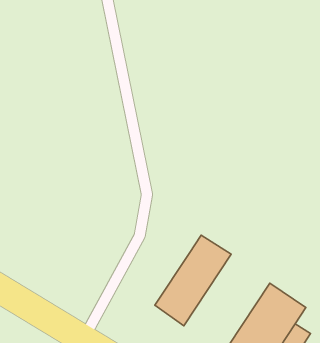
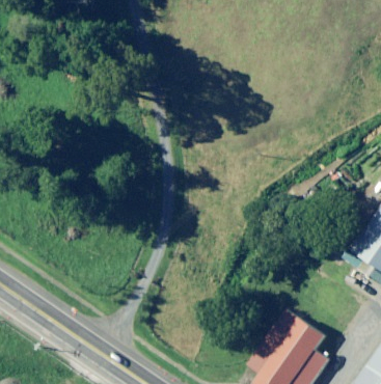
building: [155,235,231,326] -> none

